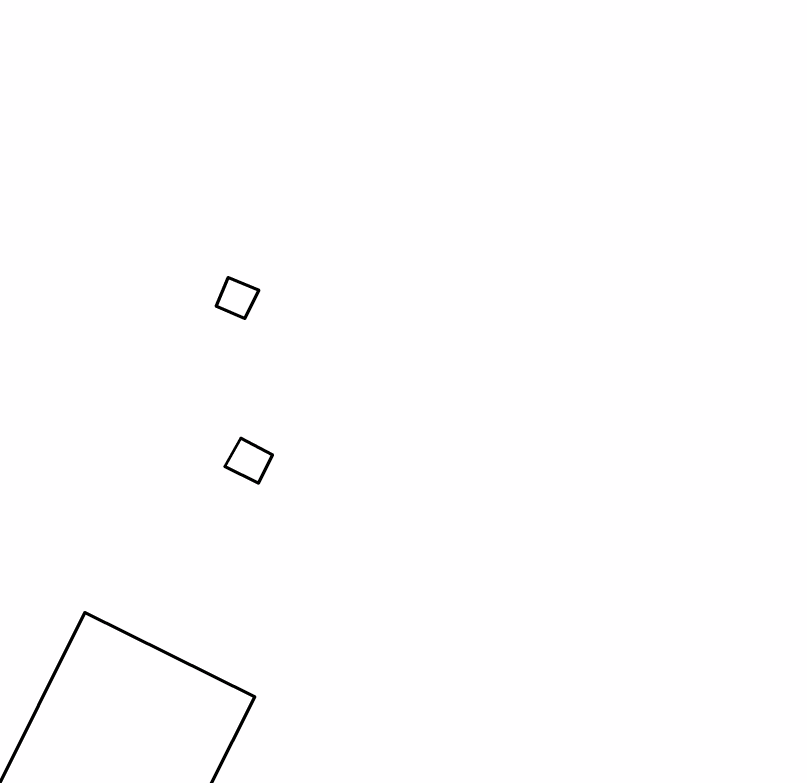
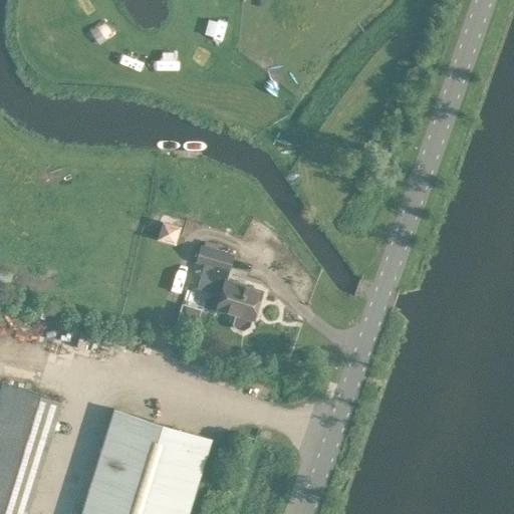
building: none -> [196,246,262,331]

